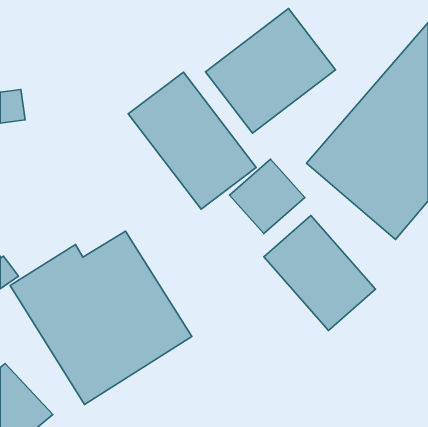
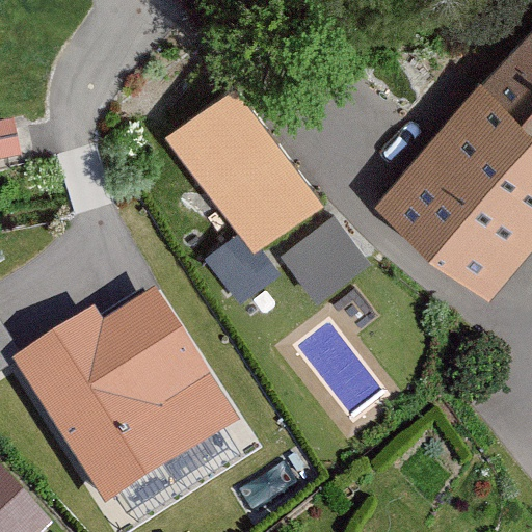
building: [205,8,336,133] -> none
building: [264,215,375,331] -> none

